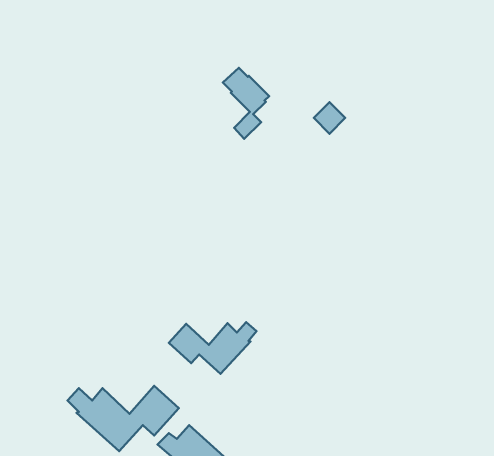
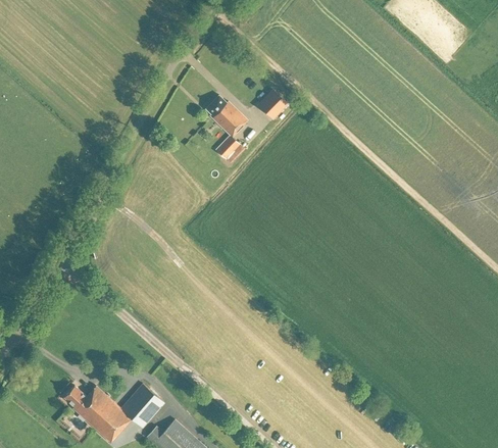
building: [314,102,345,134] -> [257,94,286,122]
building: [169,322,256,374] -> none

